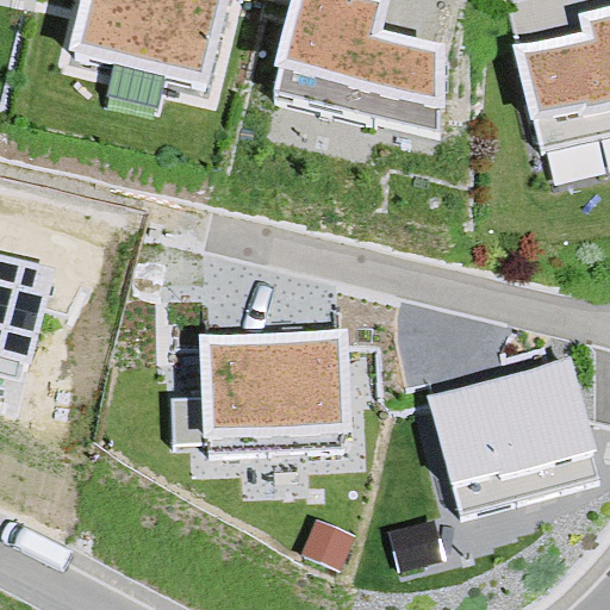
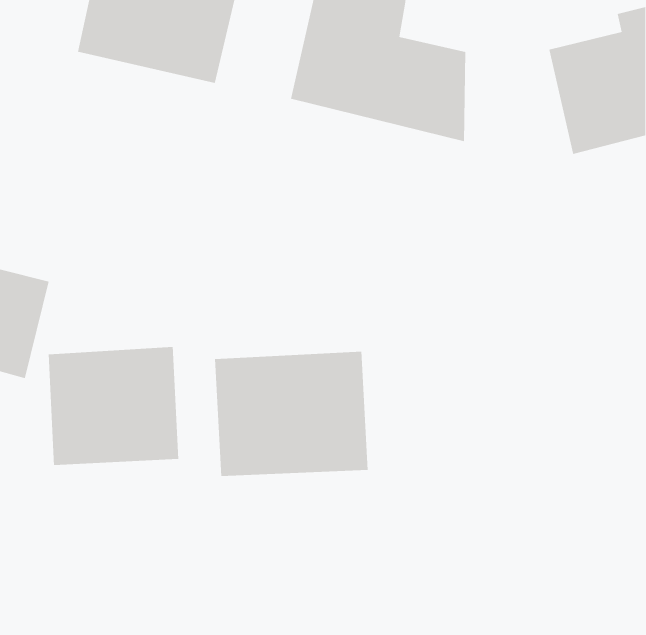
building: none -> [48,346,179,466]
building: [428,359,597,509] -> none

